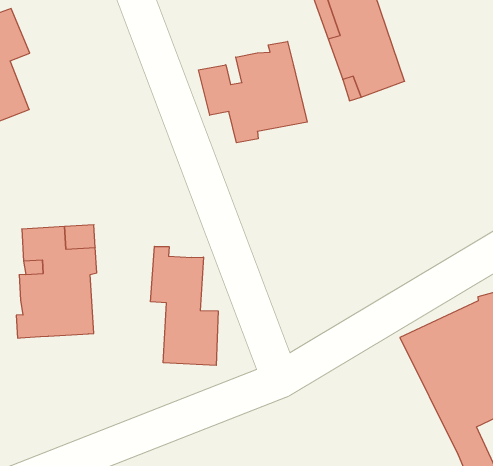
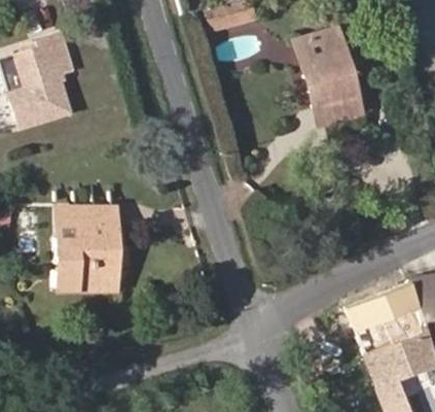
building: [199,41,307,143] -> none
building: [151,246,218,365] -> none

